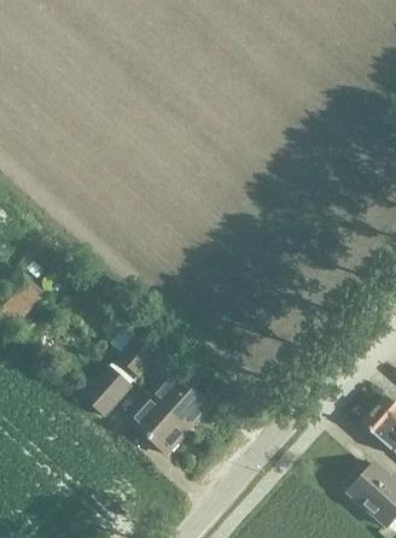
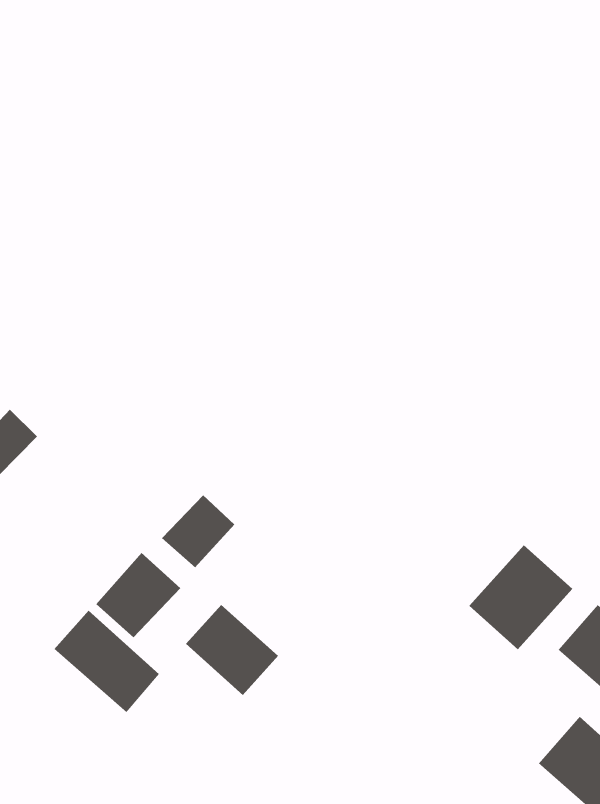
building: none -> [468,545,573,650]
building: [156,369,214,426] -> none
building: none -> [53,610,160,713]

